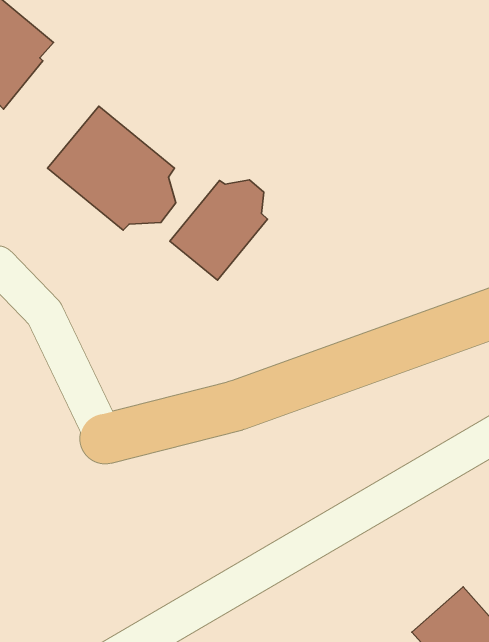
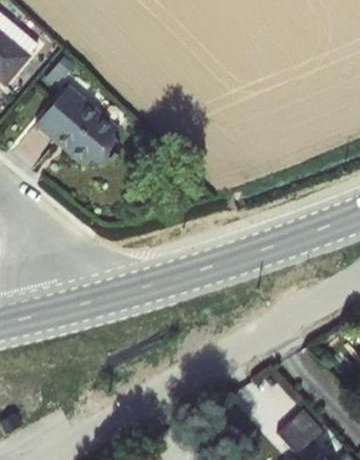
building: [170,180,267,280] -> none

